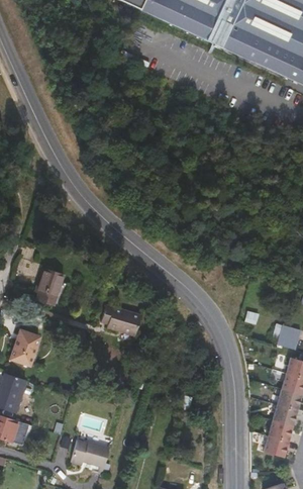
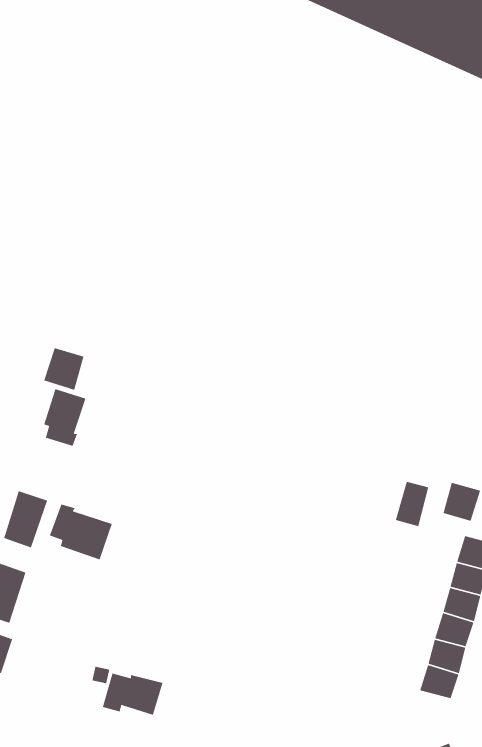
building: none -> [43,347,84,391]
building: [103,305,141,335] -> none
building: none -> [395,481,429,527]
building: none -> [49,503,113,560]

